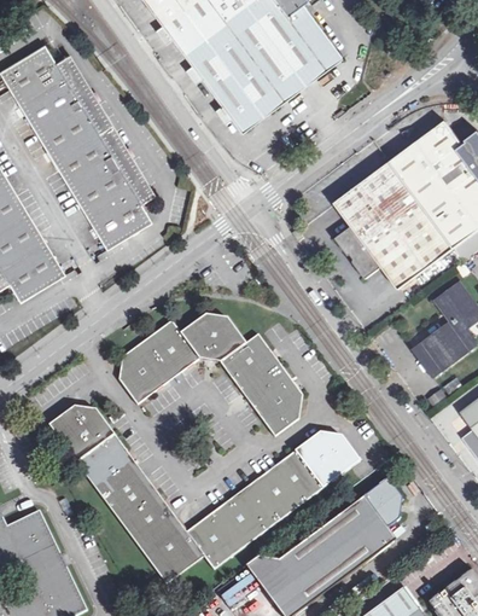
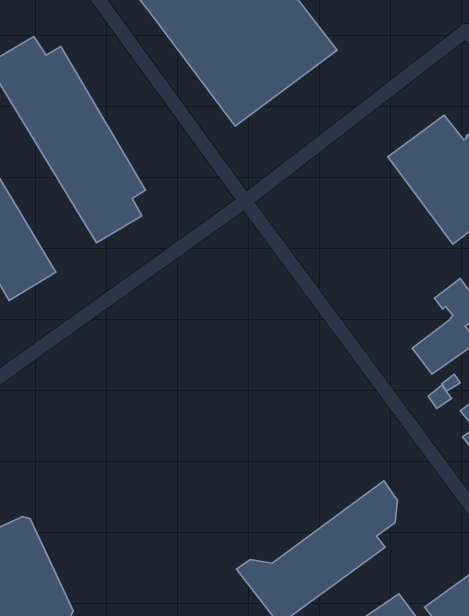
building: [336,161,455,286] -> none
building: [118,315,302,438] -> none
building: [47,406,357,583] -> none

